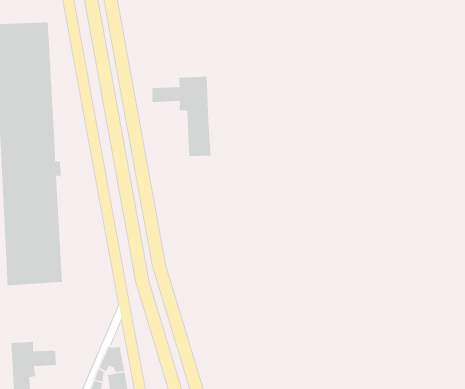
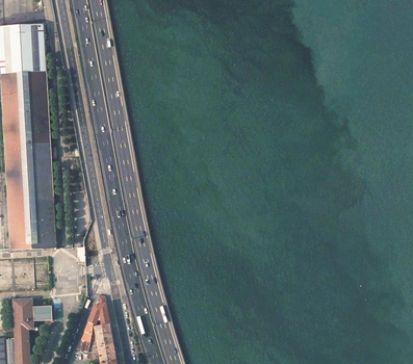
building: [151,76,212,157] -> none

